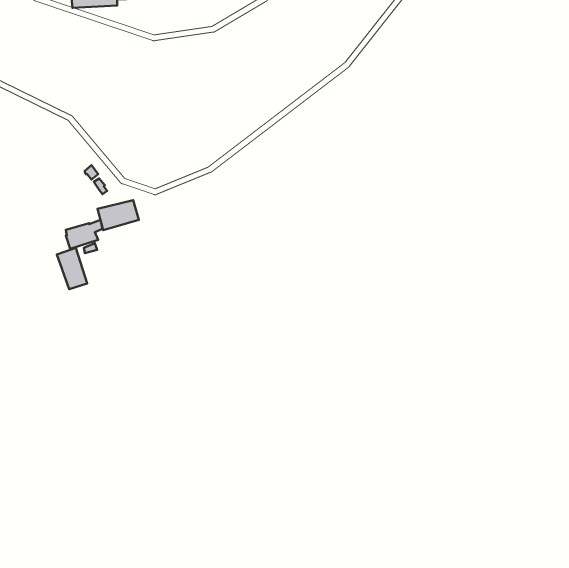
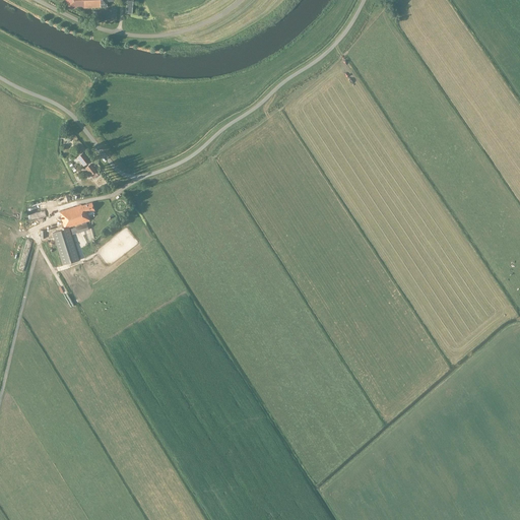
building: [98,200,139,230] -> none

